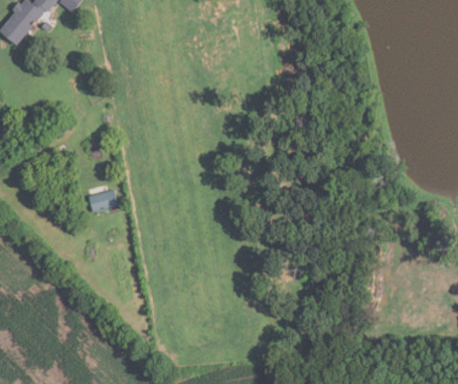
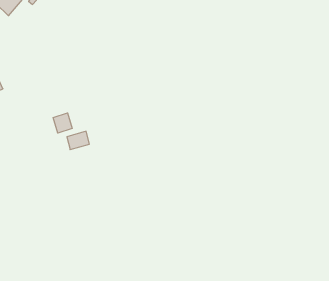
building: none -> [53,113,72,133]

